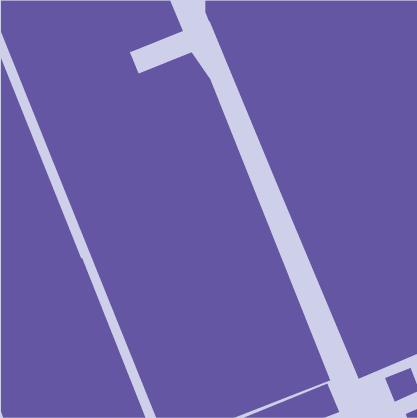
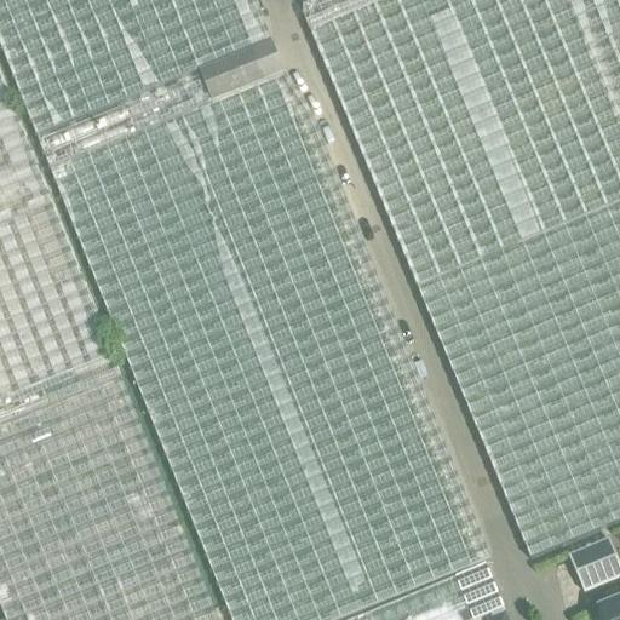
building: none -> [195,46,286,108]

